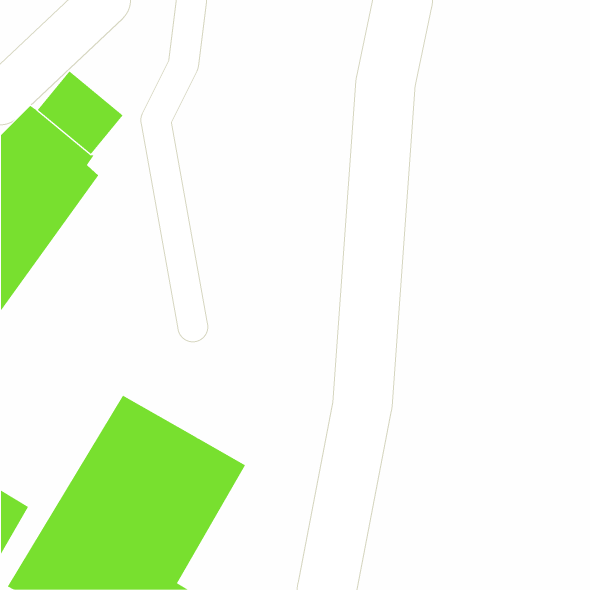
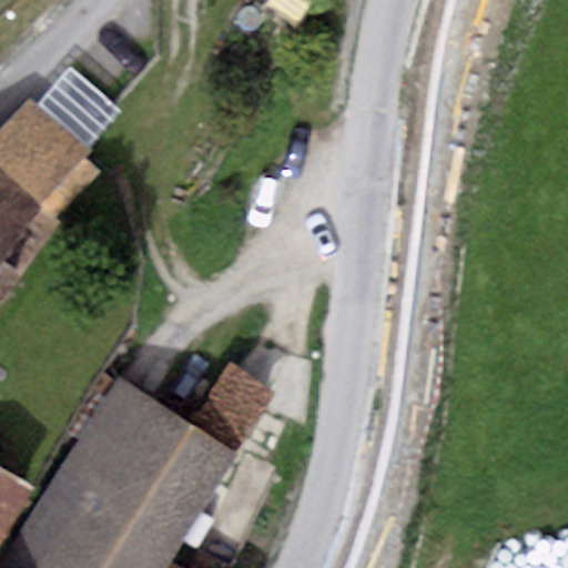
building: none -> [190,358,272,447]

